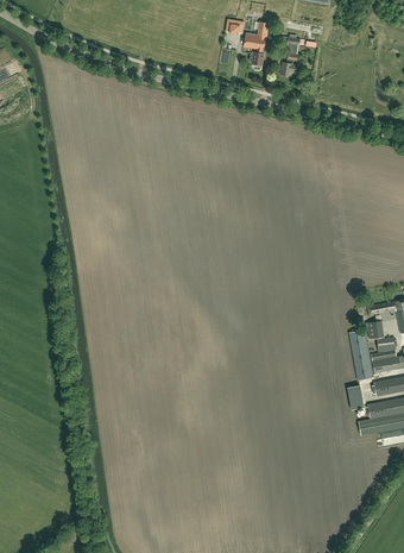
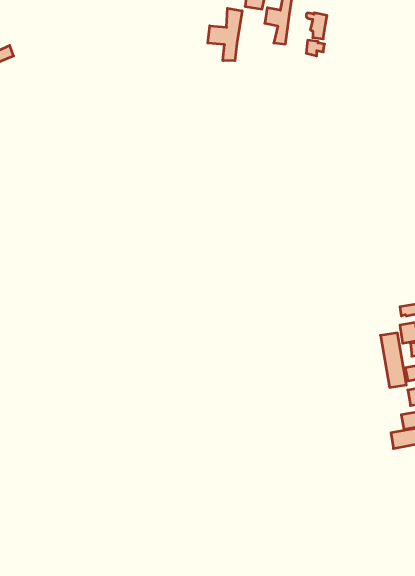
building: none -> [208,8,242,61]

